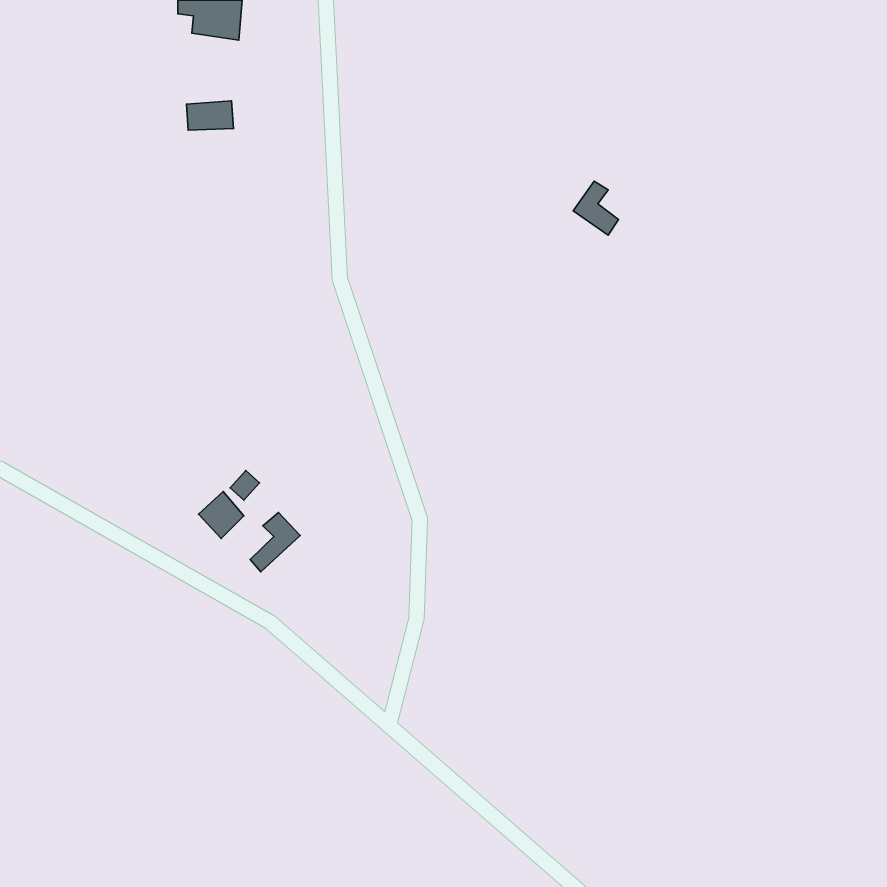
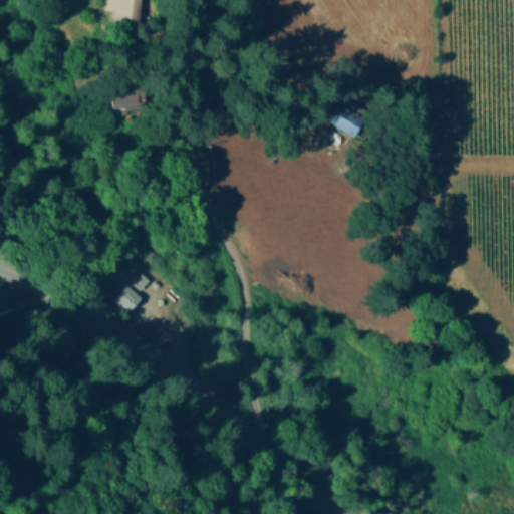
building: [186,101,233,130] -> [110,91,138,108]
building: [250,512,300,572] -> none

